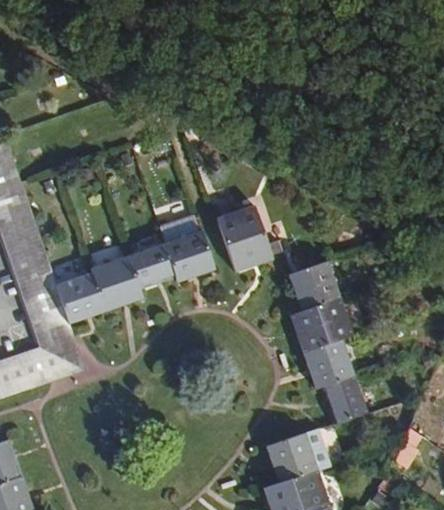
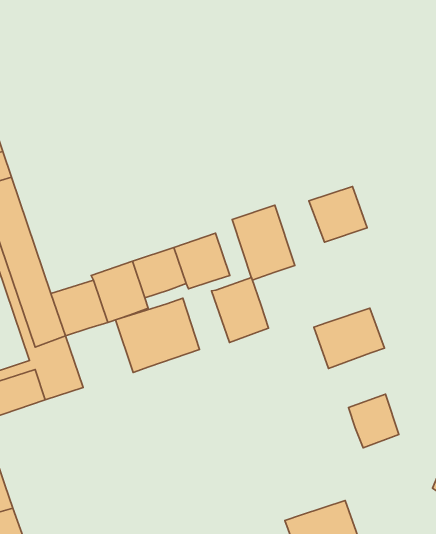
building: [288,260,340,310] -> [309,186,367,242]
building: none -> [212,277,268,343]
building: none -> [116,298,199,372]
building: [303,337,354,387] -> none
building: [267,432,318,482] -> none

